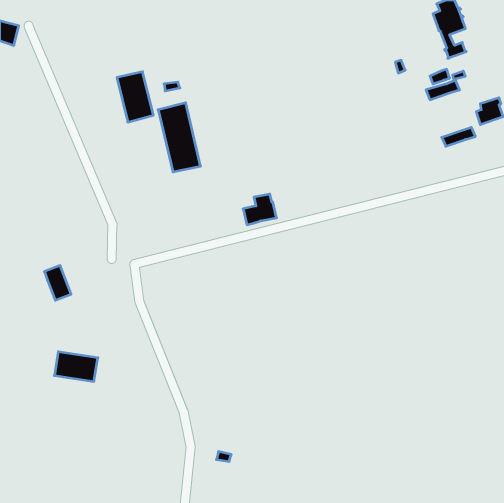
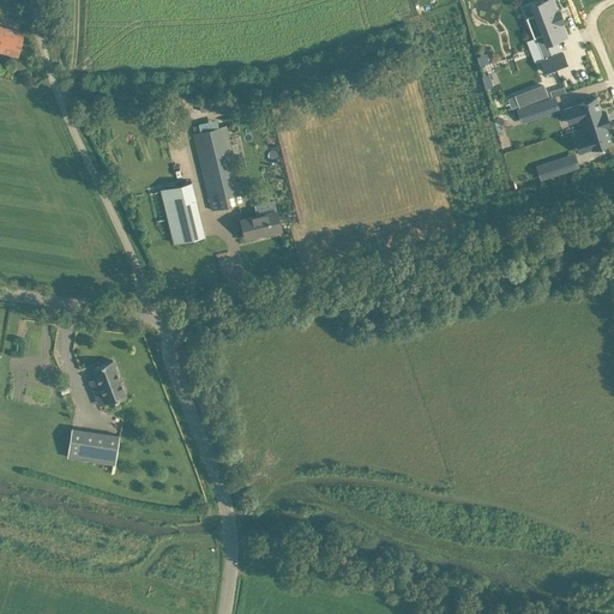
building: [117,72,153,122] -> [159,183,204,245]
building: none -> [568,100,606,128]
building: [243,194,277,225] -> [240,203,281,240]
building: [44,266,71,300] -> [92,362,125,404]

